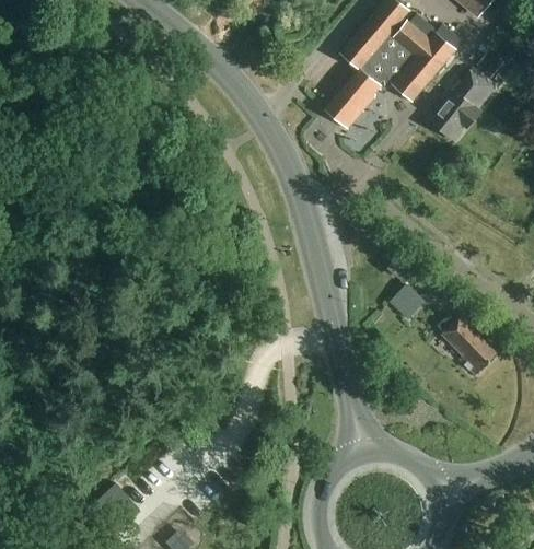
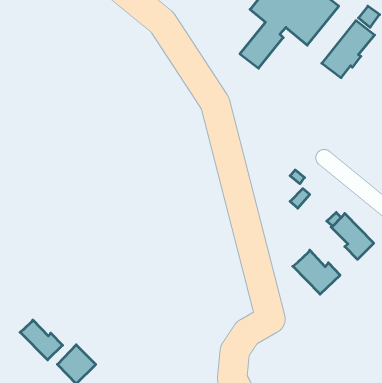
building: none -> [293,250,340,294]
building: none -> [20,320,63,360]

